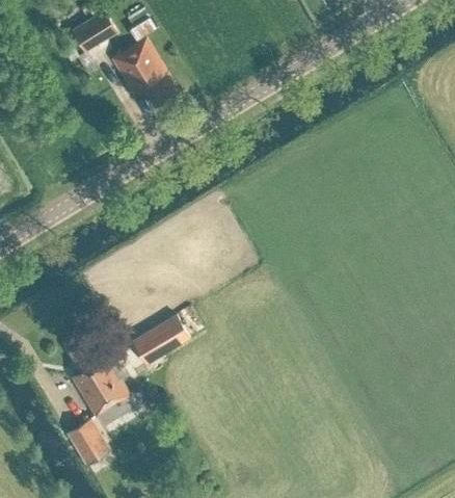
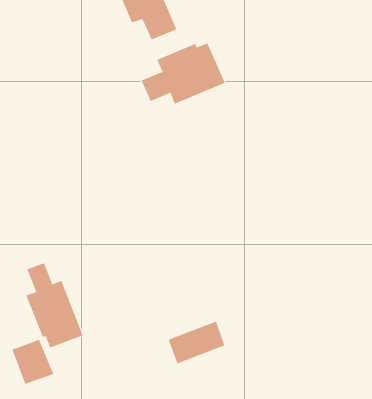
building: none -> [141,42,225,105]
building: [133,316,190,365] -> [168,321,225,364]

